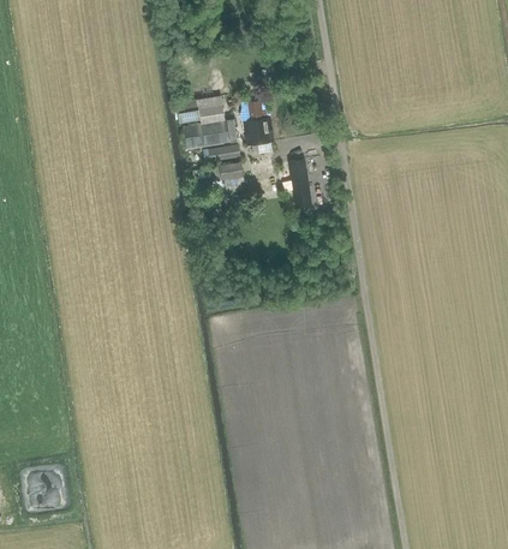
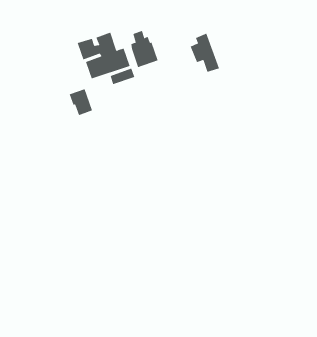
building: [282,159,315,208] -> [190,33,220,73]
building: [221,161,247,193] -> [69,88,93,116]

